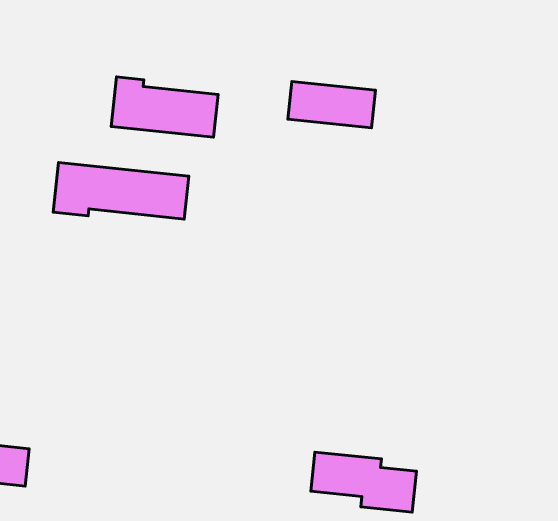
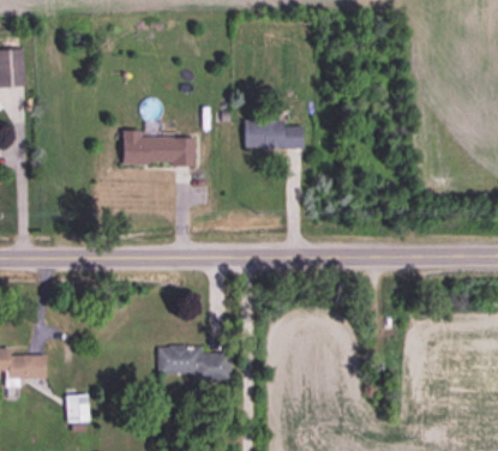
building: [53,162,189,219] -> none
building: [311,452,416,512] -> [158,345,230,380]

